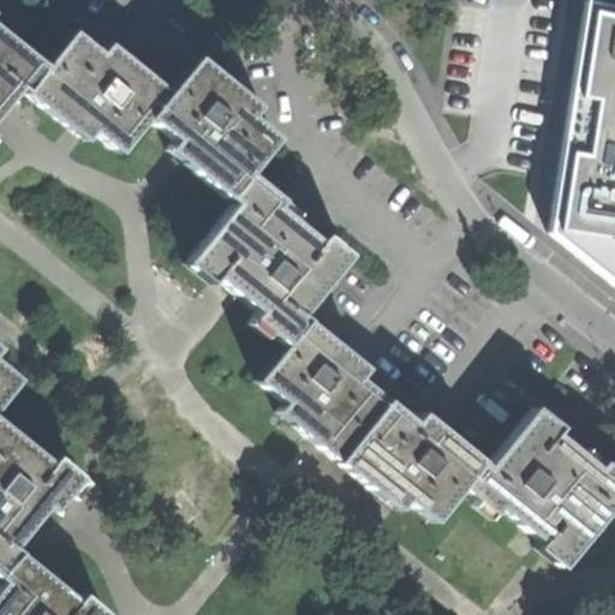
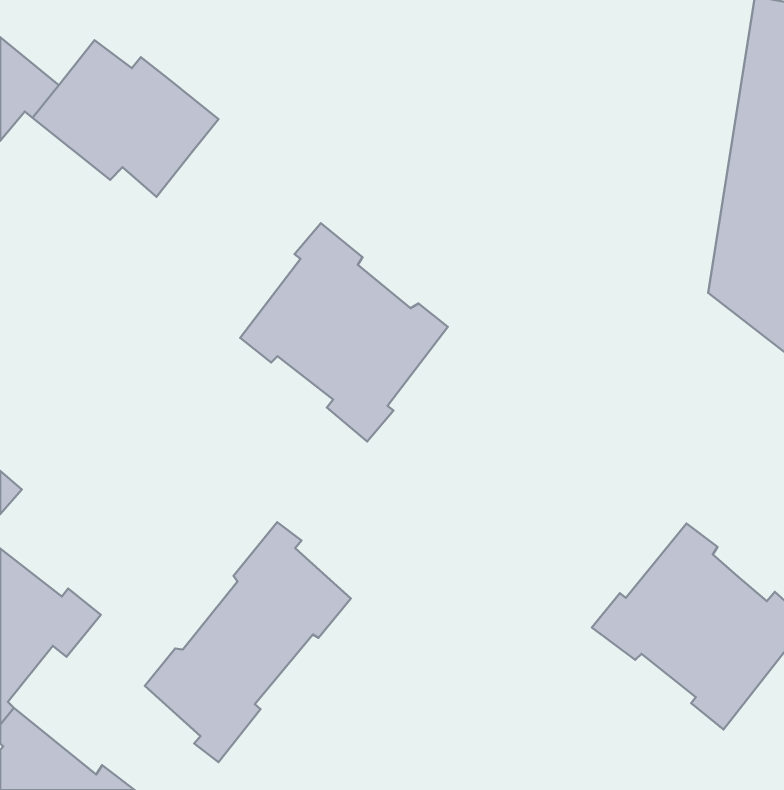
building: [155,58,282,197] -> none
building: [262,318,486,521] -> none
building: none -> [145,522,351,762]

